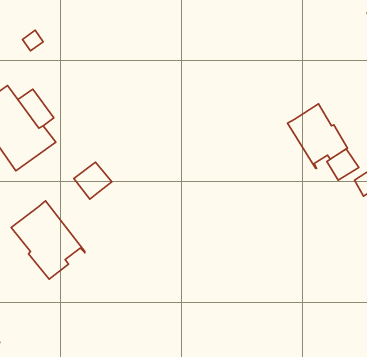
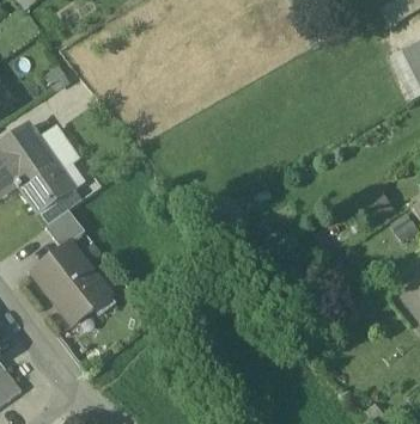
building: [288,104,348,168] -> none
building: [74,162,112,199] -> [45,209,85,247]

